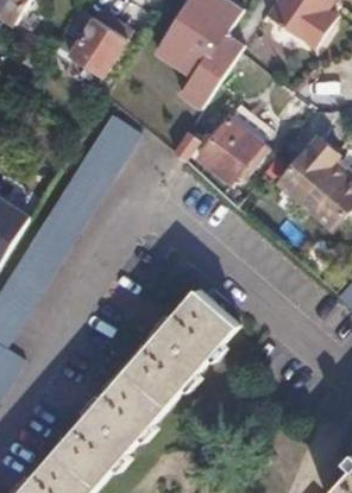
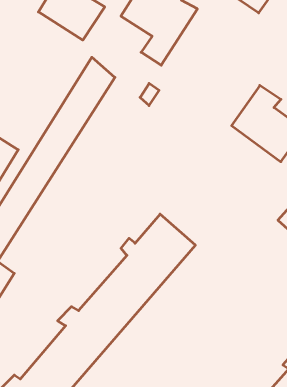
building: [199,116,260,181] -> none

